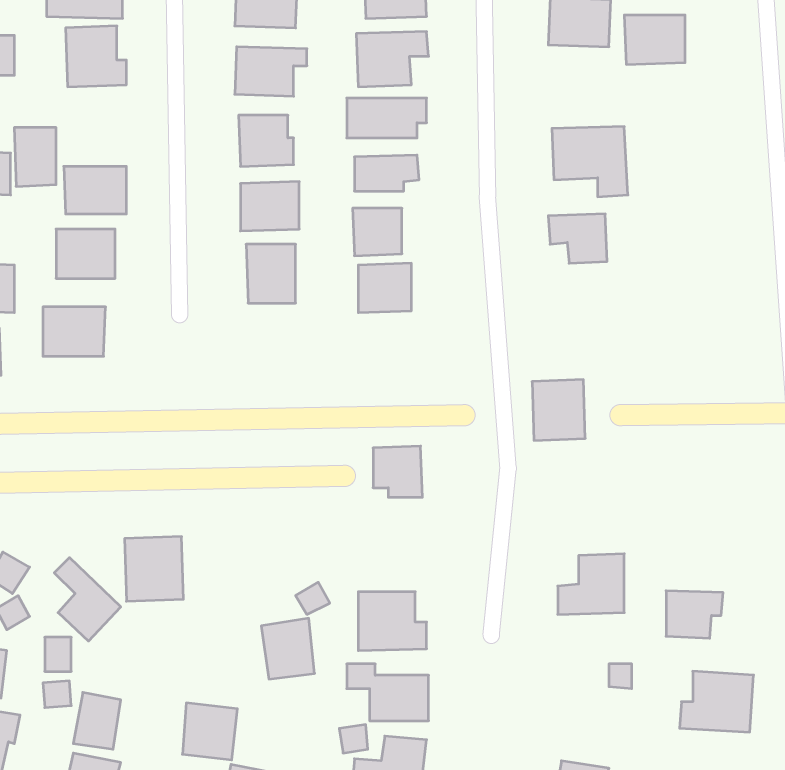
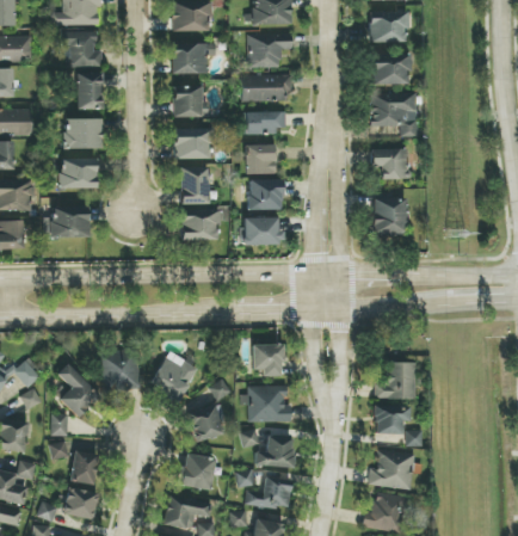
building: [624,15,685,64] -> [371,54,409,85]
building: [14,128,56,186] -> [76,73,103,110]
building: none -> [180,209,220,240]
building: none -> [242,217,280,245]
building: [532,380,585,440] -> [372,198,406,236]
building: [373,446,422,497] -> [252,344,283,376]
building: none -> [149,351,198,402]
building: [666,591,723,638] -> [374,405,409,435]
building: [680,671,754,732] -> [368,450,414,488]
building: [182,703,237,760] -> [180,454,215,489]

